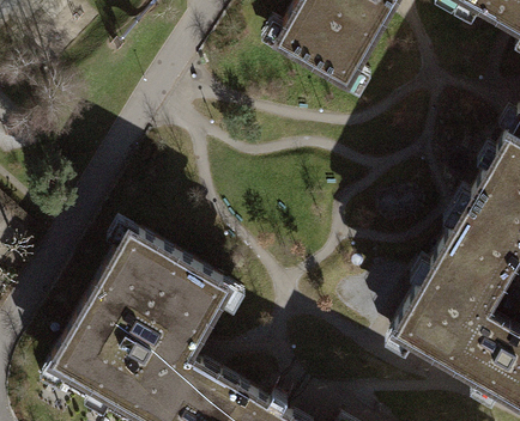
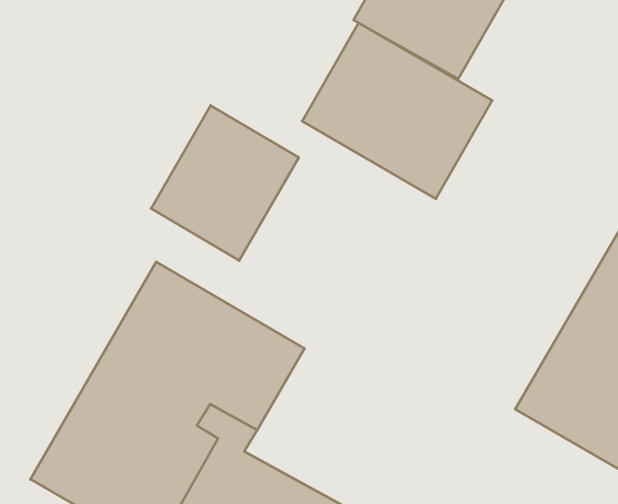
building: none -> [302,23,492,199]
building: none -> [151,105,299,261]

